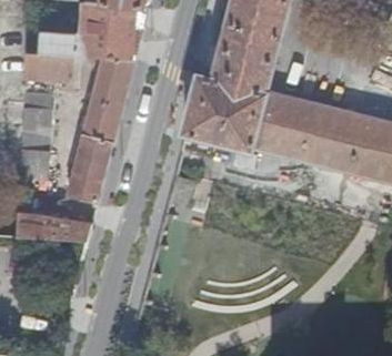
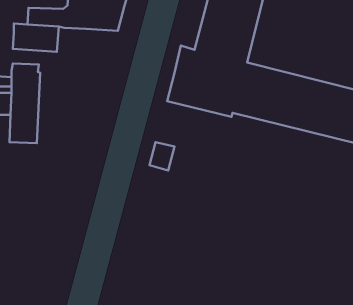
building: [57,57,132,203] -> none
building: [16,206,90,241] -> none

